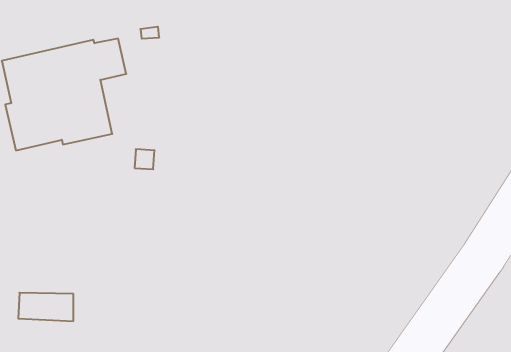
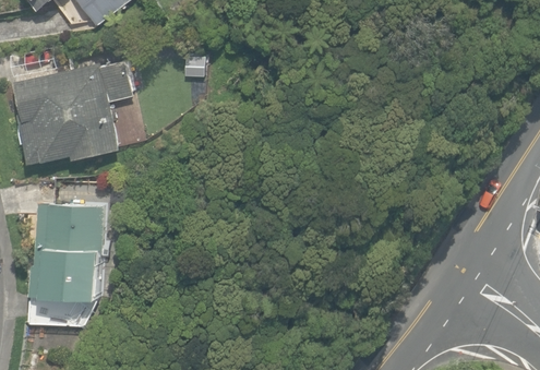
building: none -> [34,202,104,297]

